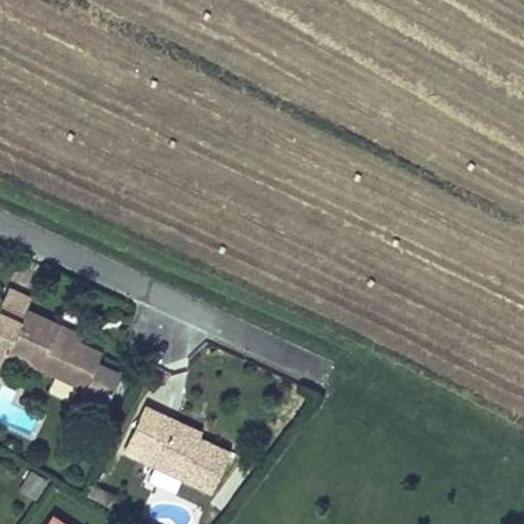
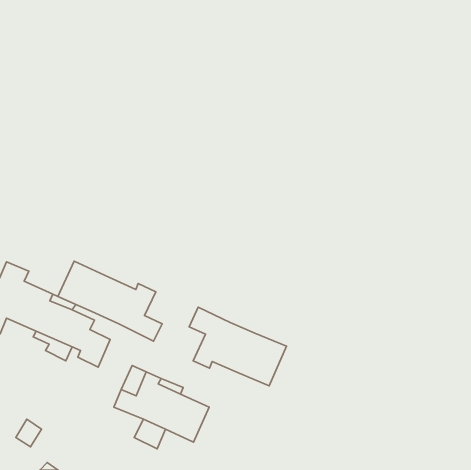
building: none -> [58,261,162,341]
building: none -> [189,307,286,386]

